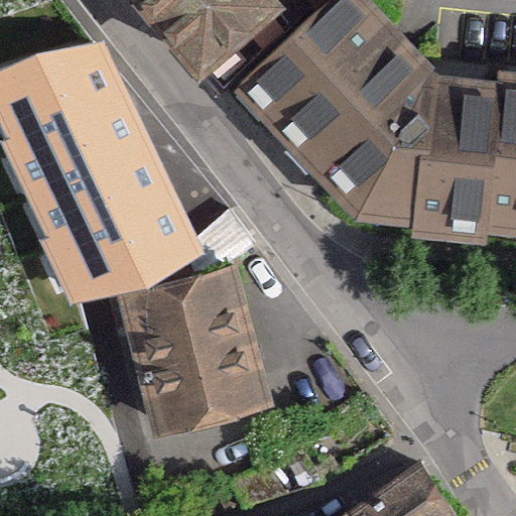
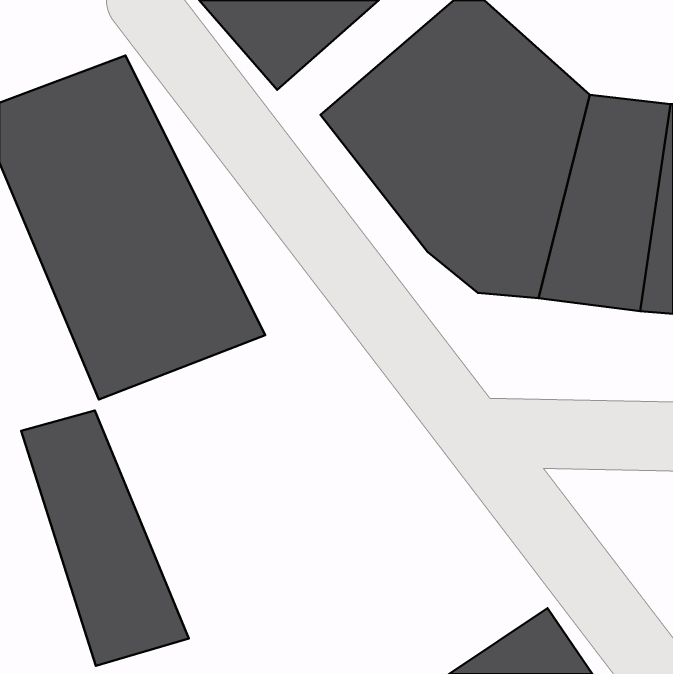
building: [117,263,278,433] -> none
building: none -> [21,410,189,666]

